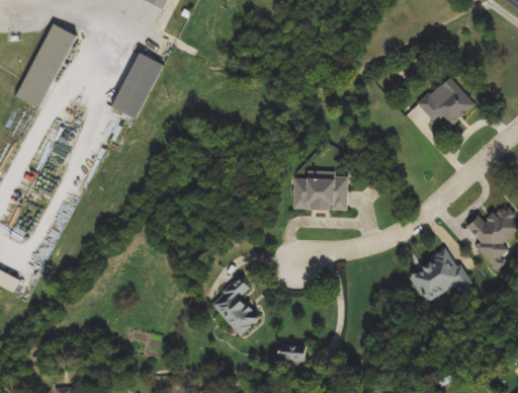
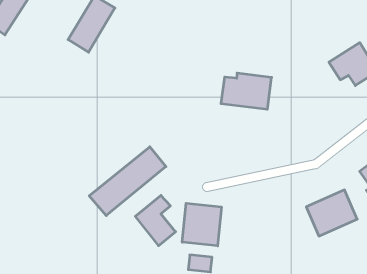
building: [292,171,348,210] -> [221,73,272,109]
building: none -> [89,147,166,216]
building: none -> [182,203,221,246]

